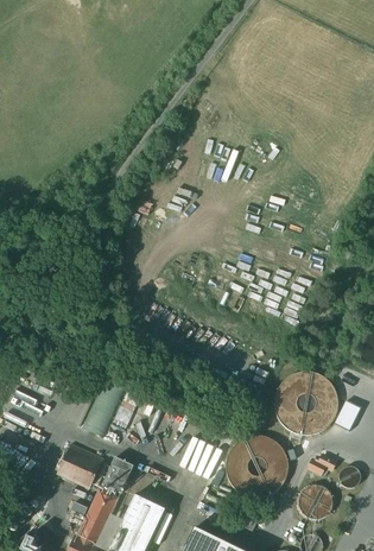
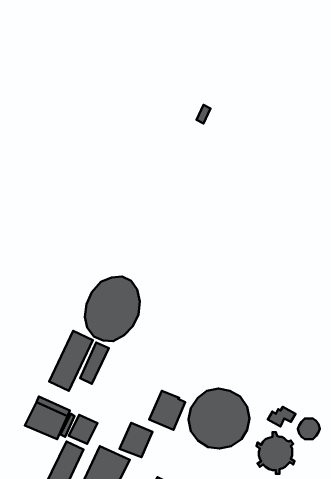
building: none -> [85,277,140,341]
building: [275,373,337,436] -> none
building: none -> [120,423,152,457]

